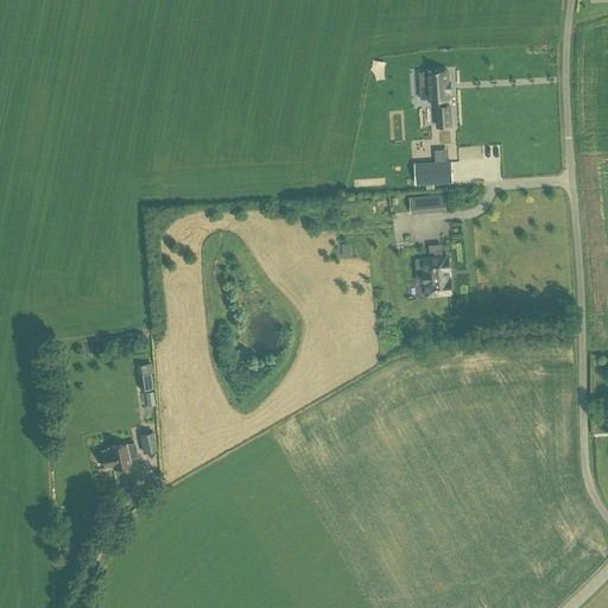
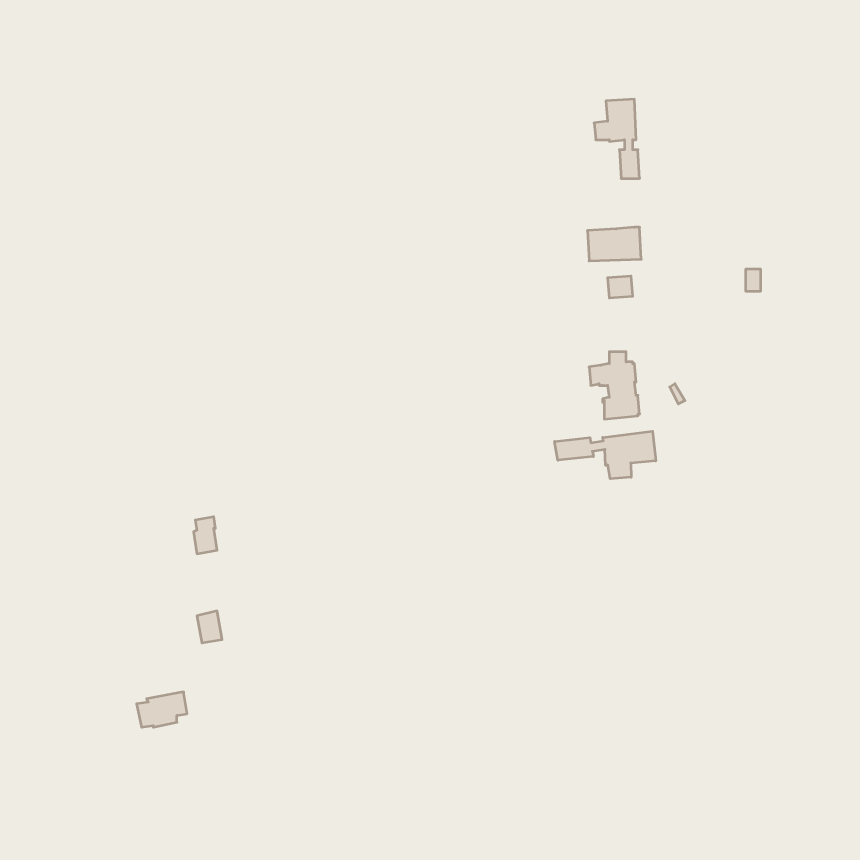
building: none -> [555,431,656,479]
building: [101,443,137,468] -> [137,692,187,727]

